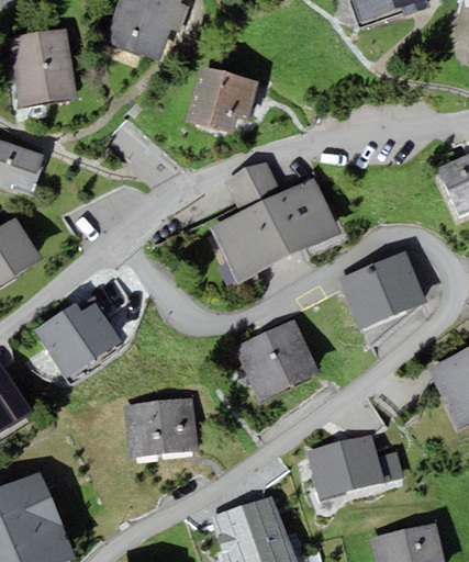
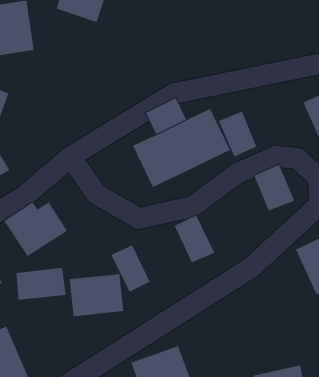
building: [186,66,258,134] -> none
building: [338,267,391,329] -> [218,111,257,157]
building: [234,335,288,400] -> [111,244,150,292]
building: none -> [16,267,66,301]
building: [305,435,403,498] -> none

